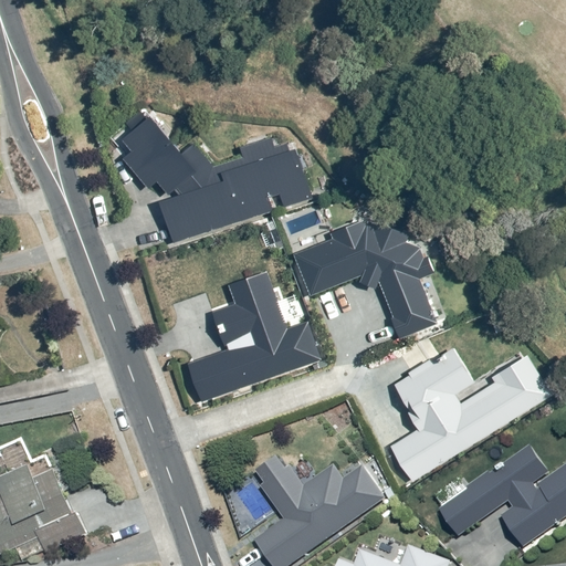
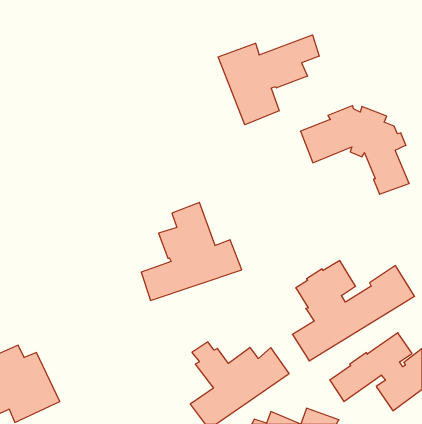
building: none -> [218,35,319,125]
building: [122,114,312,242] -> none
building: [293,219,438,337] -> [300,106,409,194]

